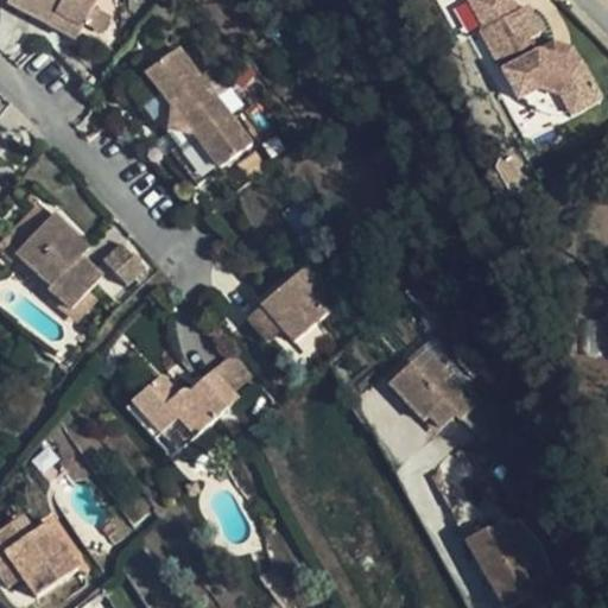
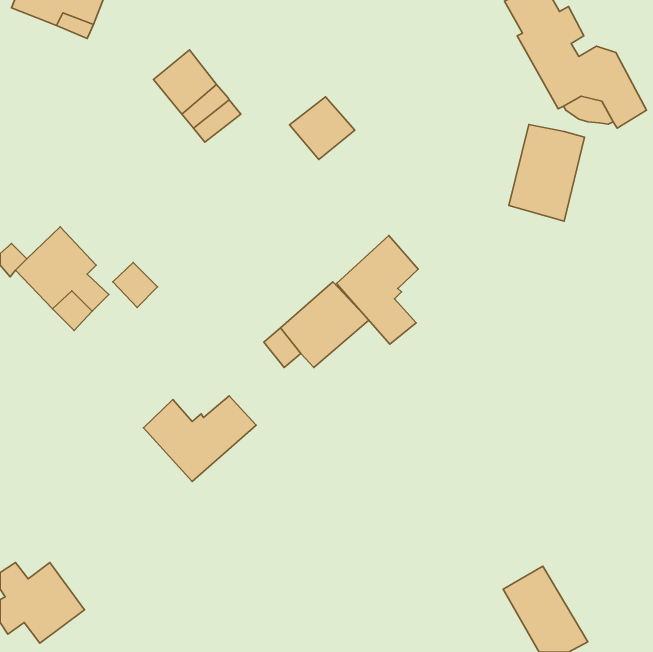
building: [191,106,252,164] -> [289,97,355,160]
building: none -> [509,125,584,221]
building: none -> [336,236,418,344]
building: [385,362,471,429] -> none

